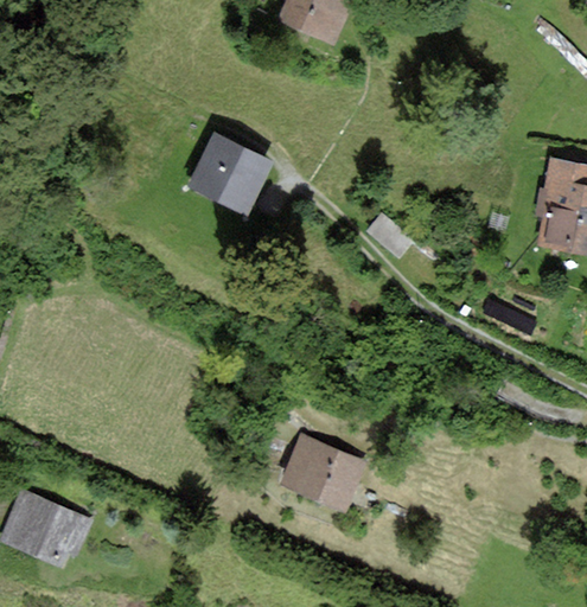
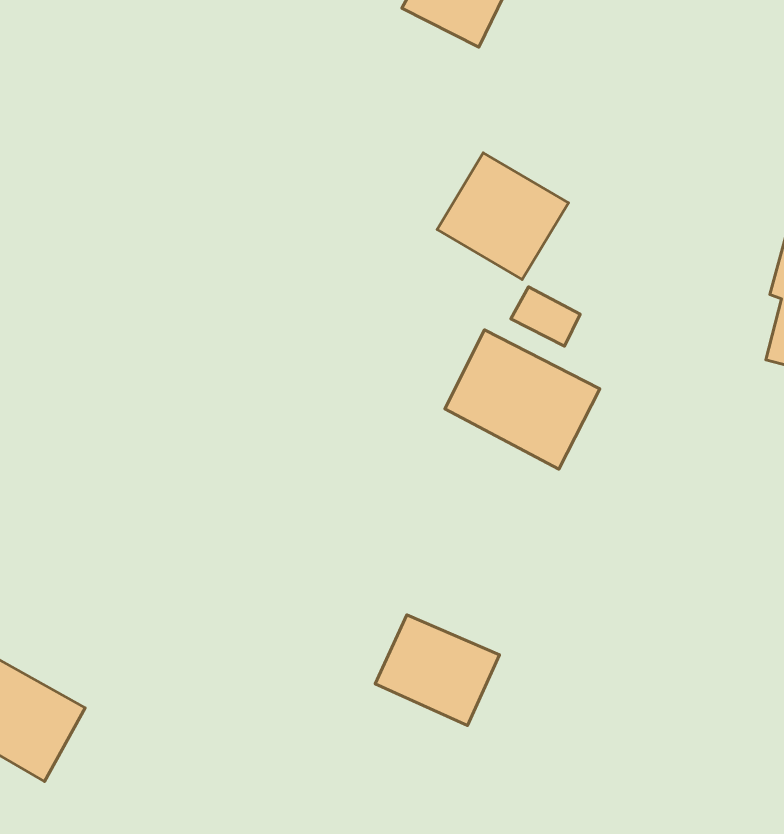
building: [181,132,270,217] -> [437,153,568,280]
building: none -> [445,330,600,469]

